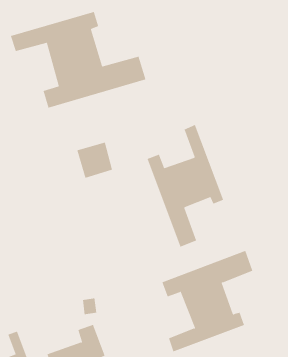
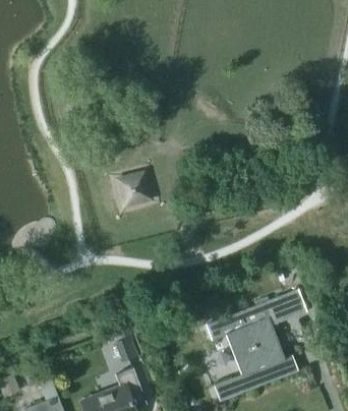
building: [10,11,146,108] -> none
building: [147,124,224,247] -> none

